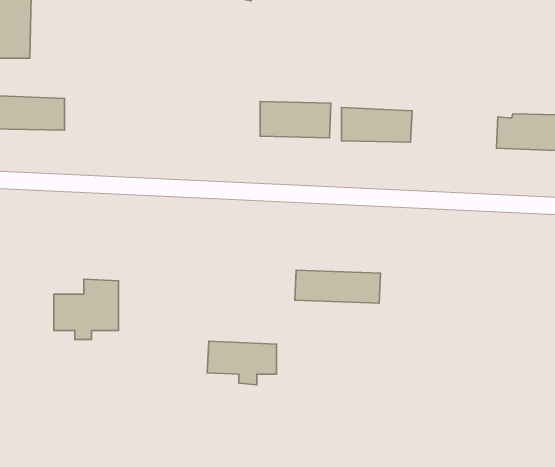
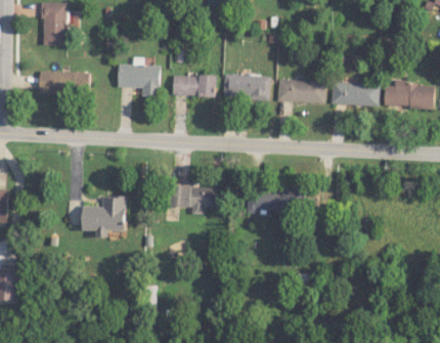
building: none -> [117,63,160,95]
building: none -> [172,75,216,96]
building: none -> [331,83,380,105]
building: [207,341,276,385] -> [170,185,217,215]

